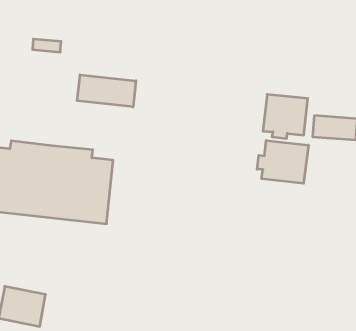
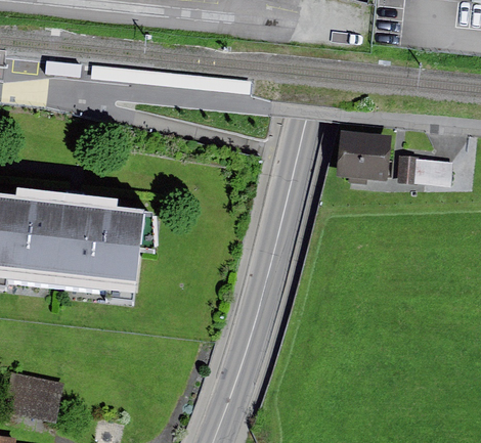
building: [77,75,136,107] -> none
building: [257,140,308,183] -> none

